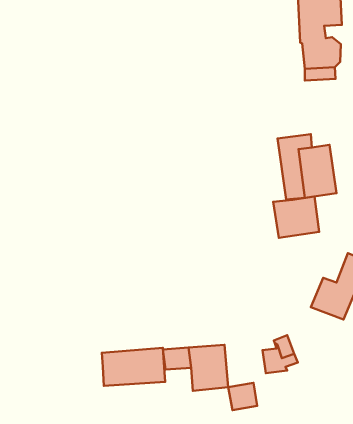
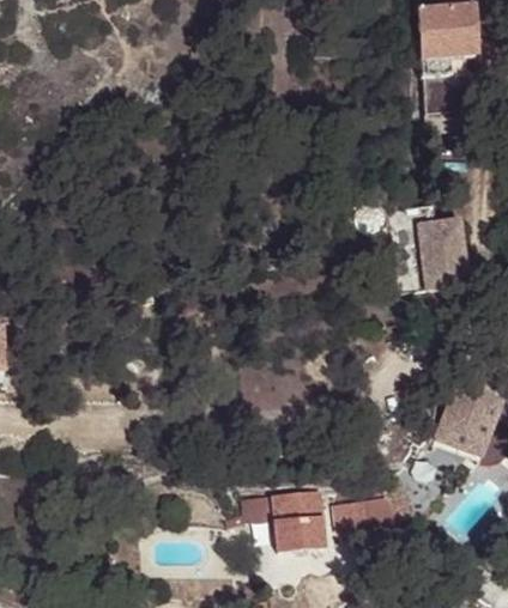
building: [273,196,319,238] -> none
building: [102,348,165,386] -> none
building: [228,383,257,410] -> [335,497,375,534]

